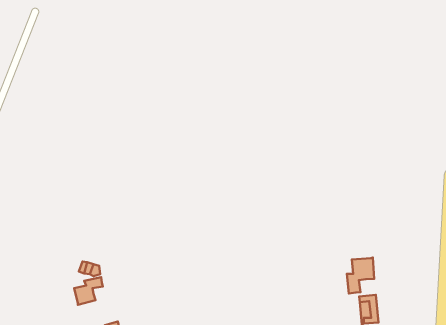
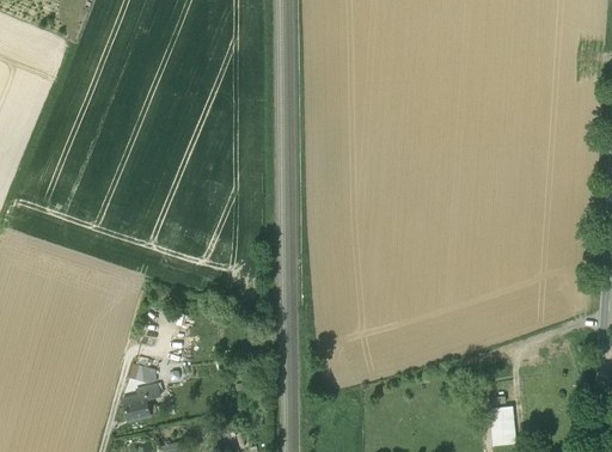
building: [347,257,374,294] -> none

